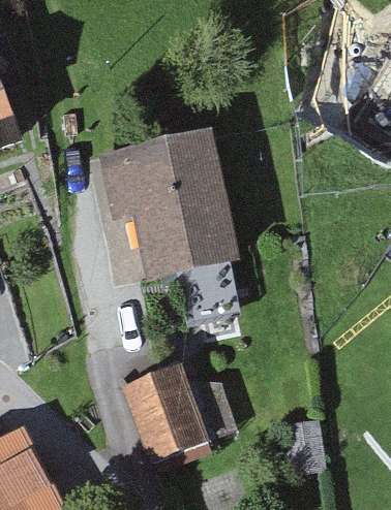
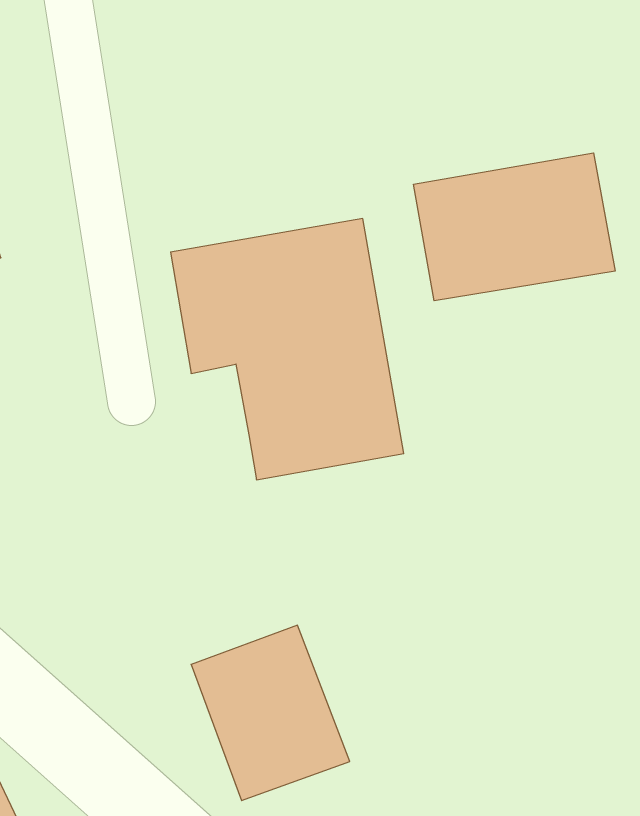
building: none -> [414,153,615,301]

